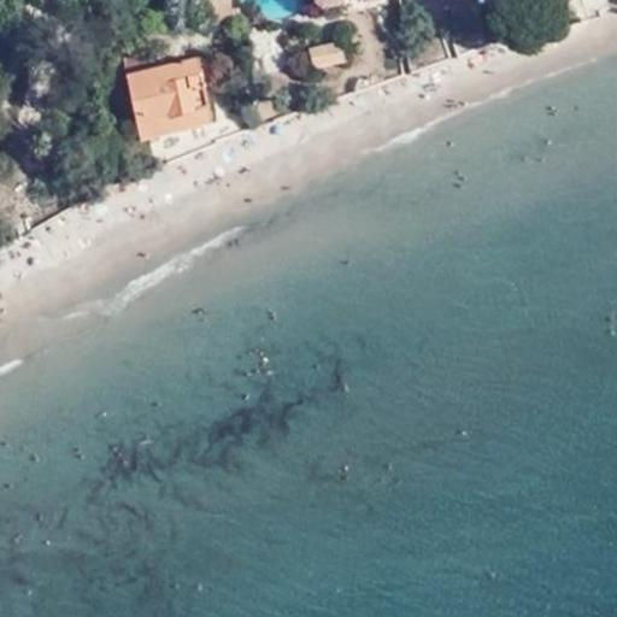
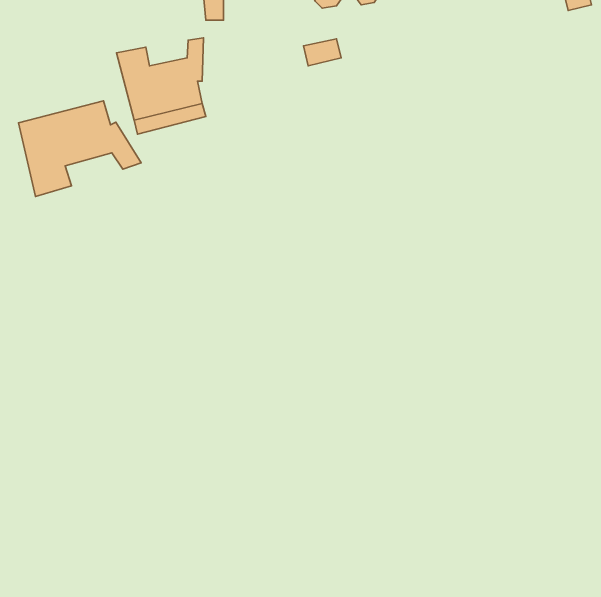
building: none -> [18,101,141,196]

